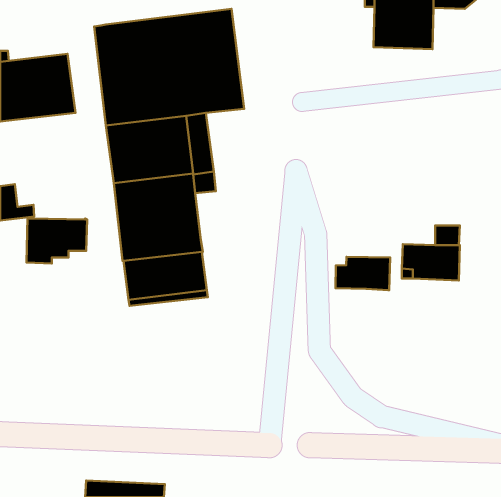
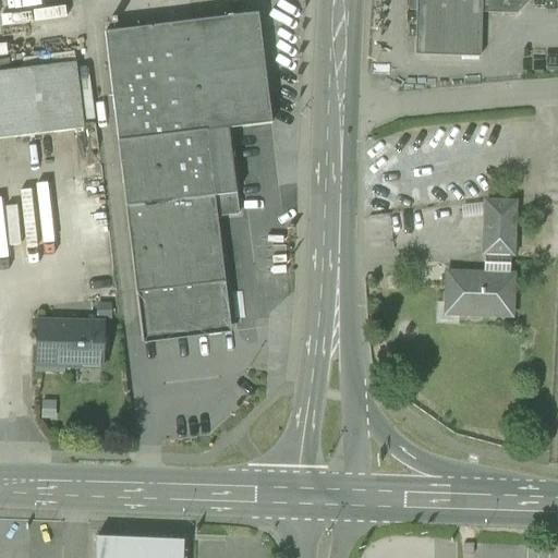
building: none -> [484,199,514,251]
building: [26,217,87,264] -> [36,318,104,369]
building: [336,257,390,290] -> none

